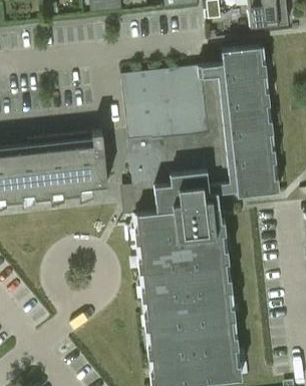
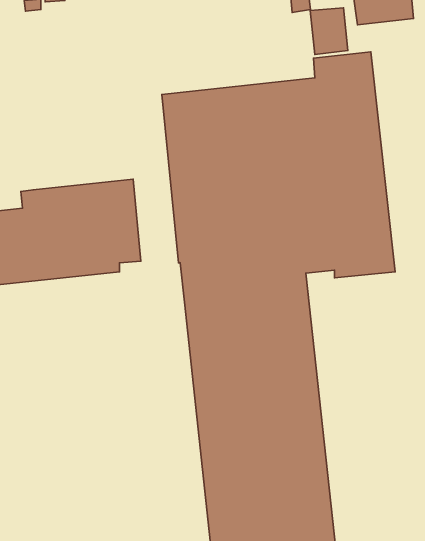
building: none -> [310,8,348,54]

